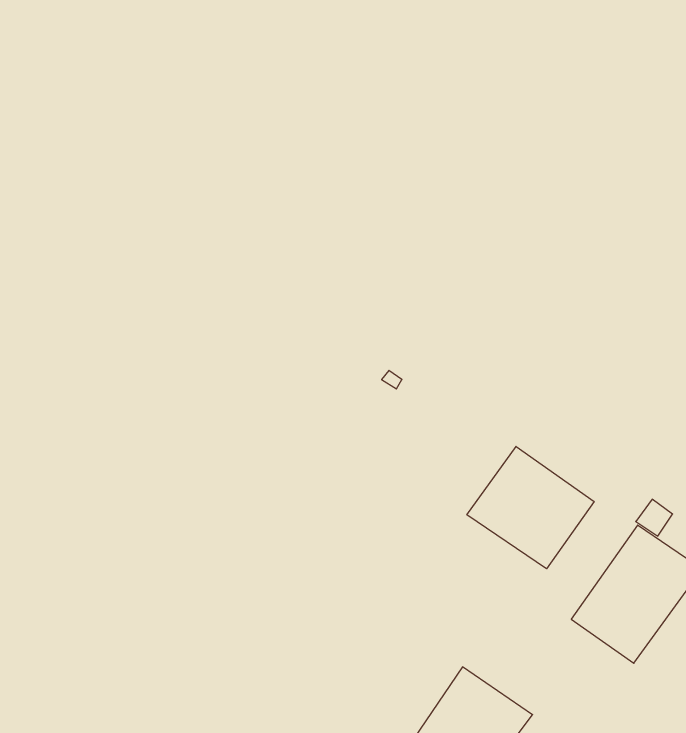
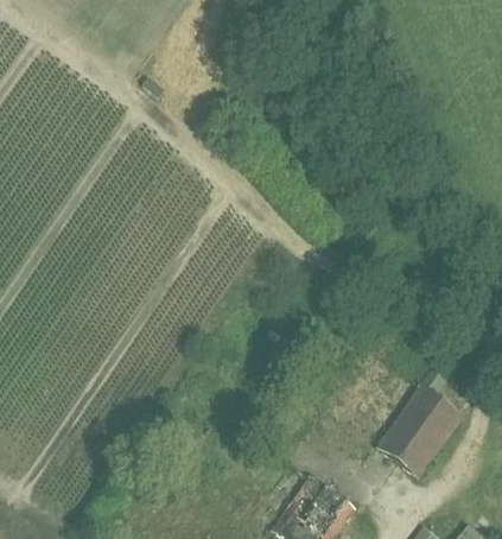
building: [467,446,594,569] -> none

